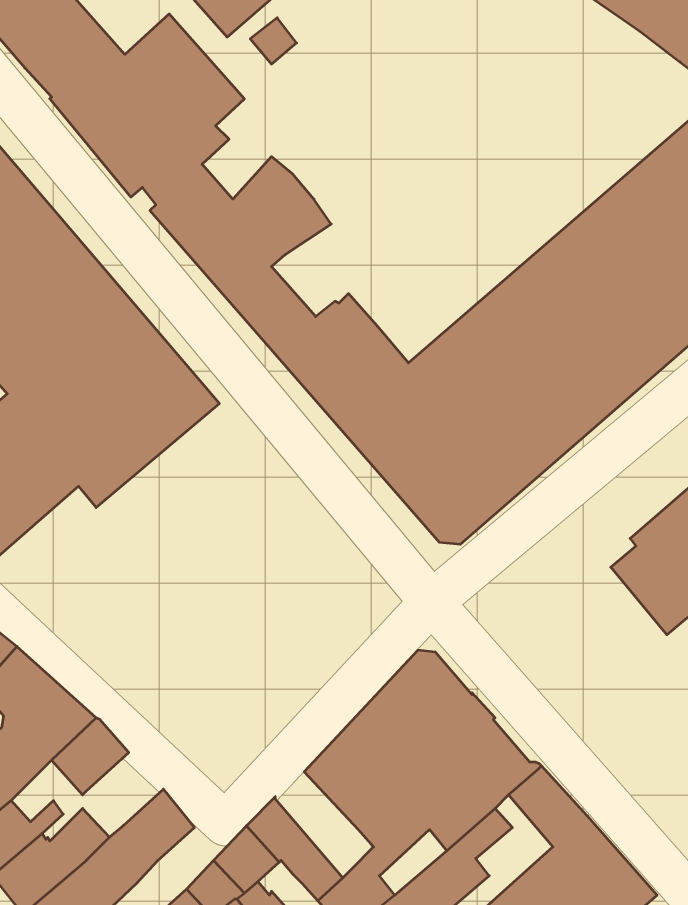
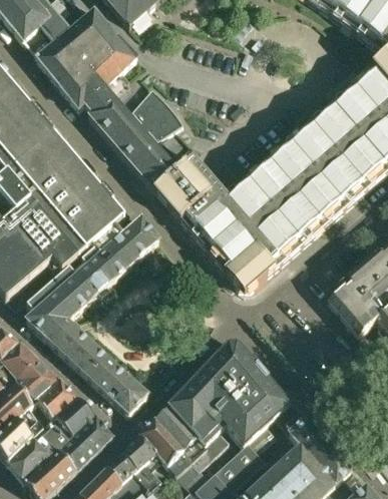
building: none -> [26,217,159,414]
building: none -> [56,396,96,434]
building: none -> [154,406,206,461]

